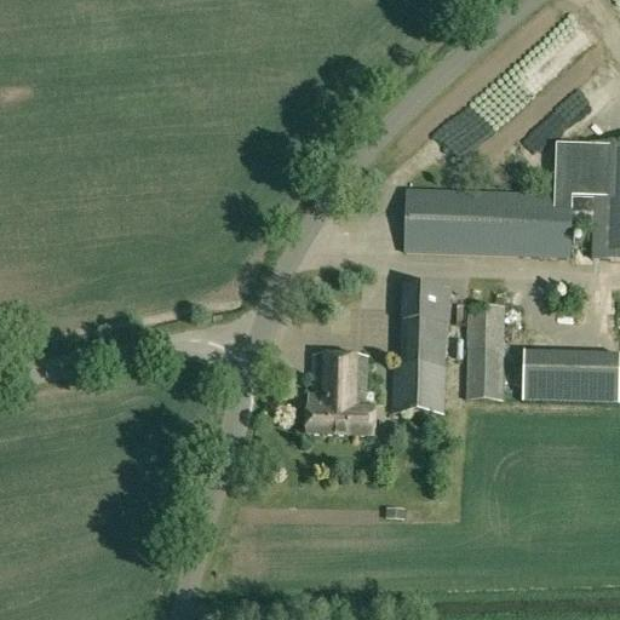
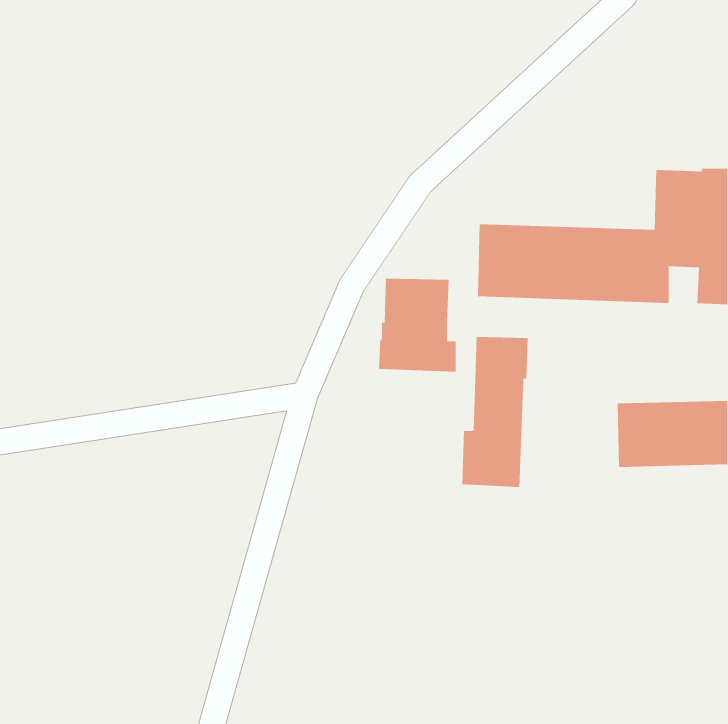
building: [466,304,505,401] -> none
building: [306,356,373,436] -> [378,278,457,372]

